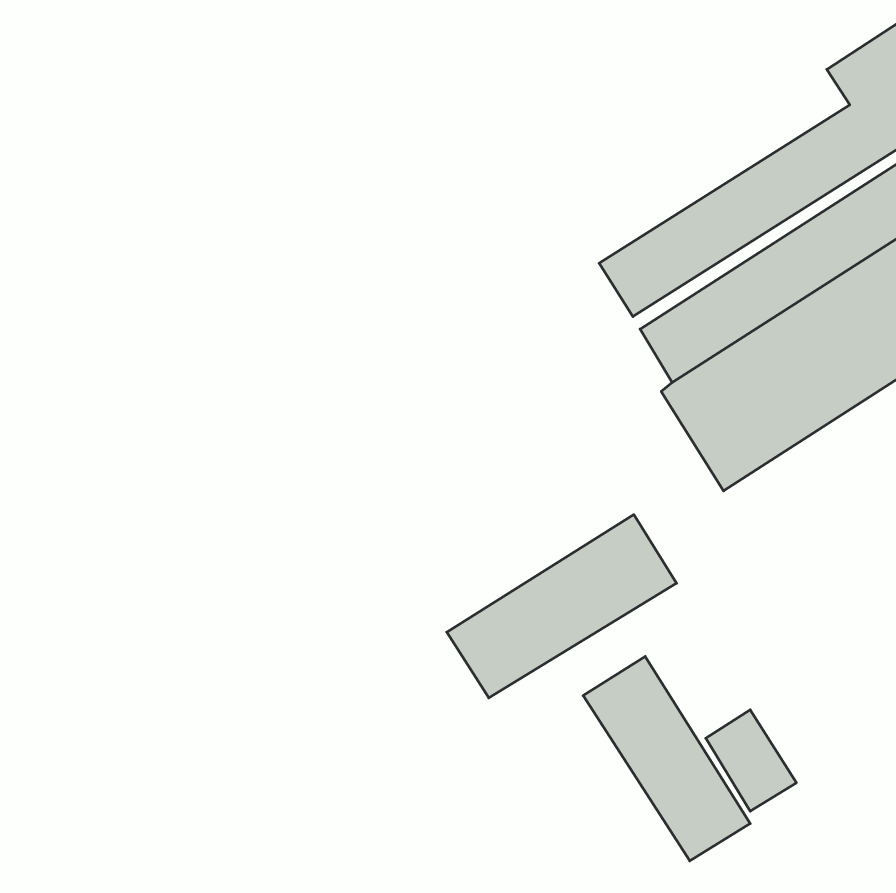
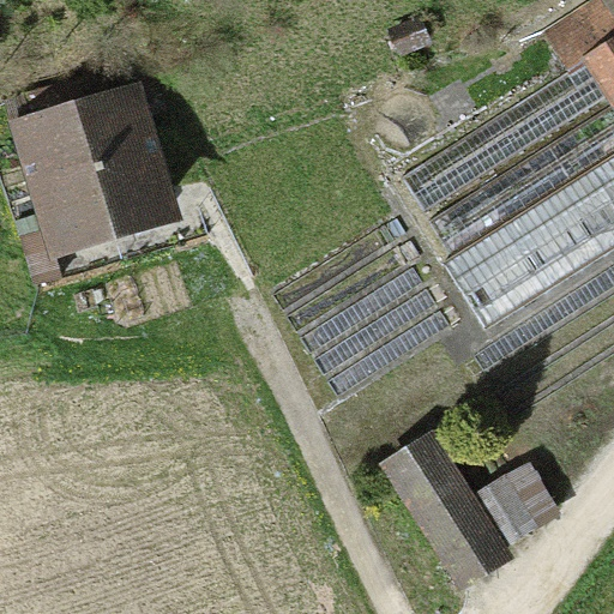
building: none -> [18,74,170,252]
building: [447,515,677,698] -> none

